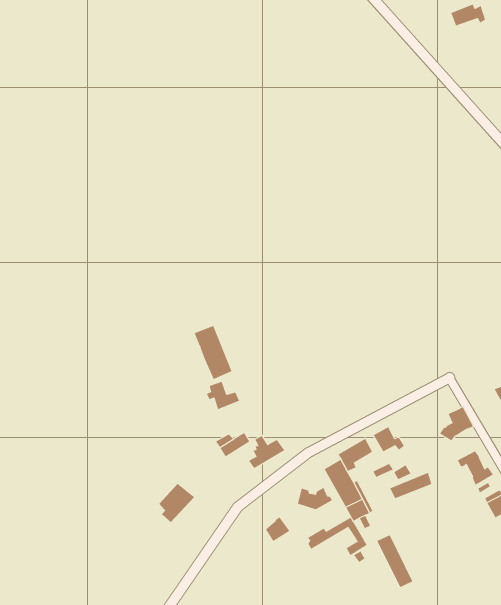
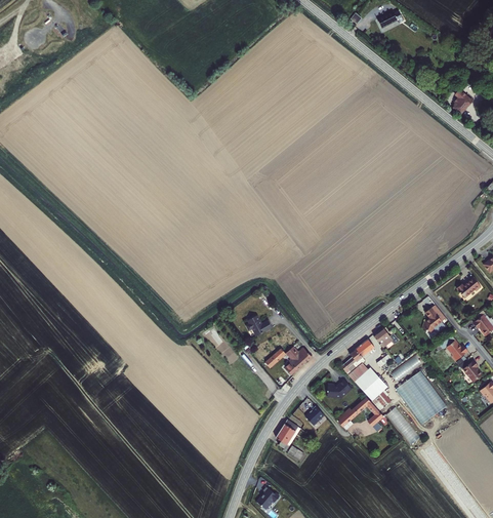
building: [194,325,232,380] -> none
building: [159,483,195,523] -> [277,420,302,449]
building: none -> [396,370,447,425]

